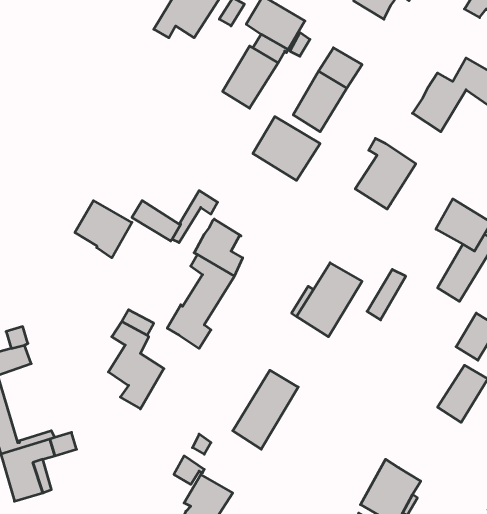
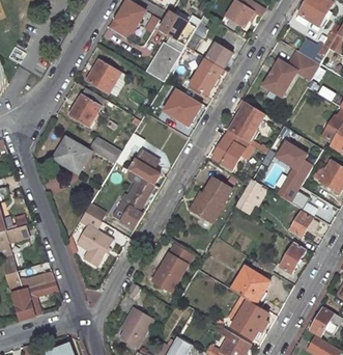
building: none -> [87,57,120,91]
building: none -> [69,86,105,125]
building: none -> [212,130,248,171]
building: none -> [232,266,270,302]

